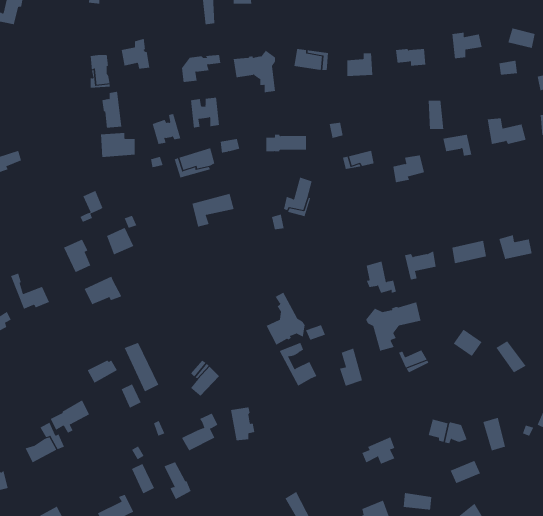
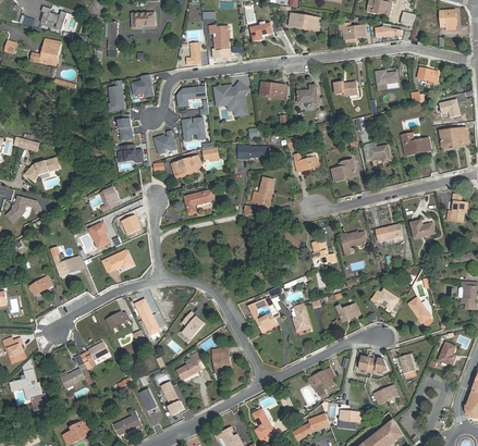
building: [266,292,305,346] -> none
building: [366,302,421,352] -> none

